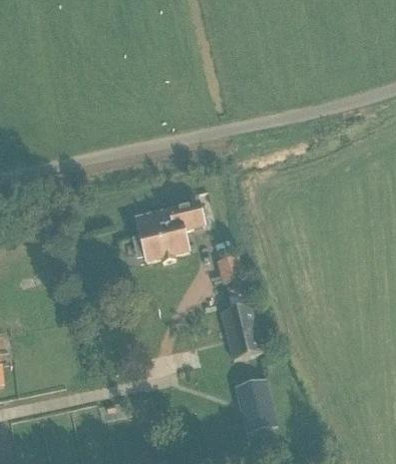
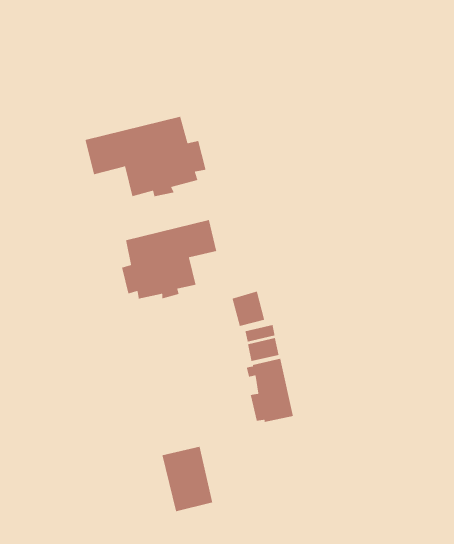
building: none -> [84,116,206,197]
building: [238,385,278,436] -> [161,446,213,512]

